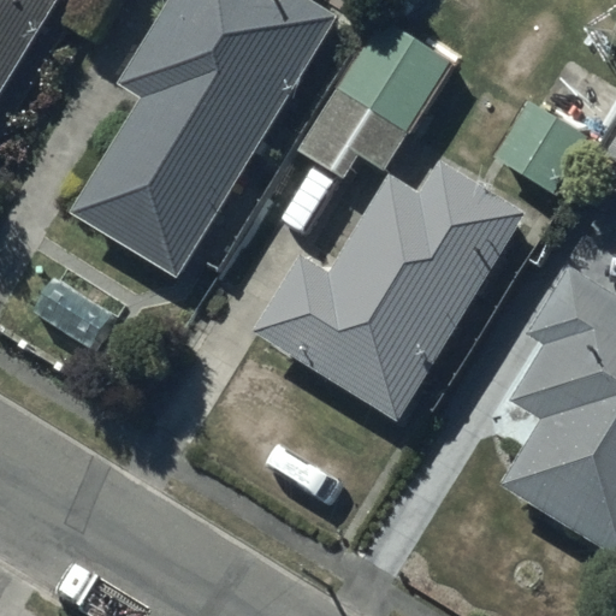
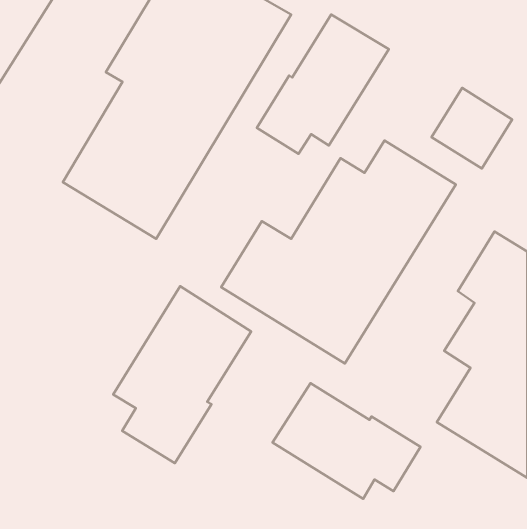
building: none -> [113,286,251,463]
building: none -> [273,383,421,499]

